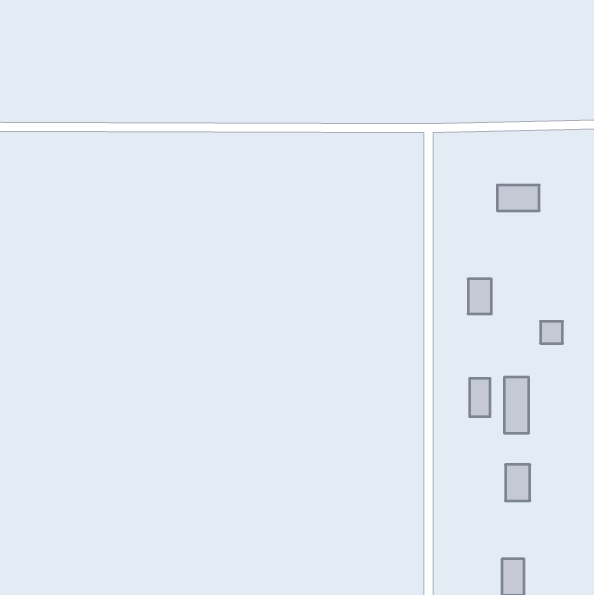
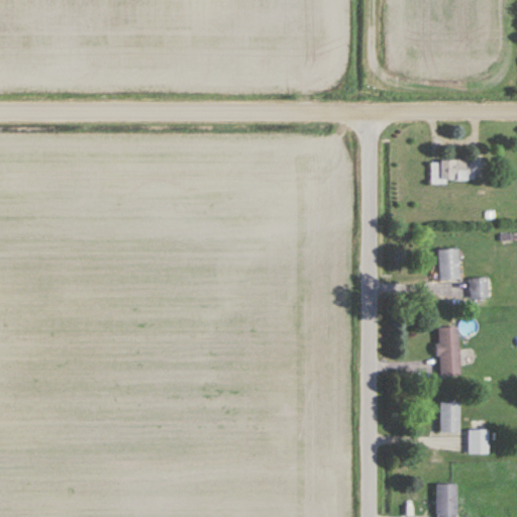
building: [468,279,491,314] -> [438,249,458,280]
building: [470,378,490,417] -> none
building: none -> [469,430,489,454]

